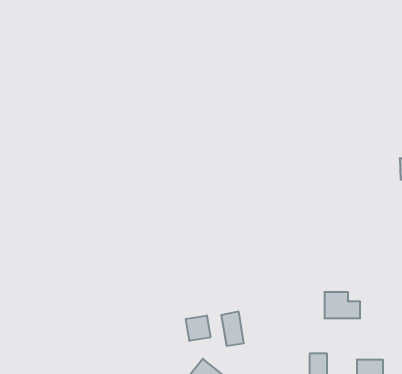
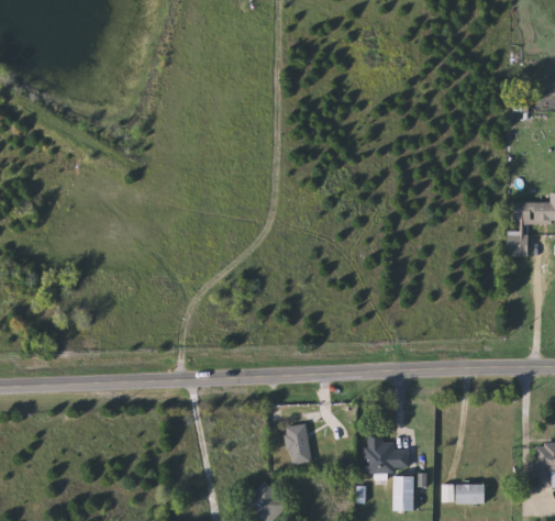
building: [324,292,360,318] -> [364,437,409,470]
building: [186,315,210,341] -> none

